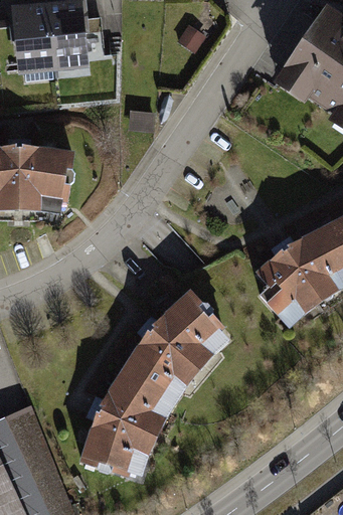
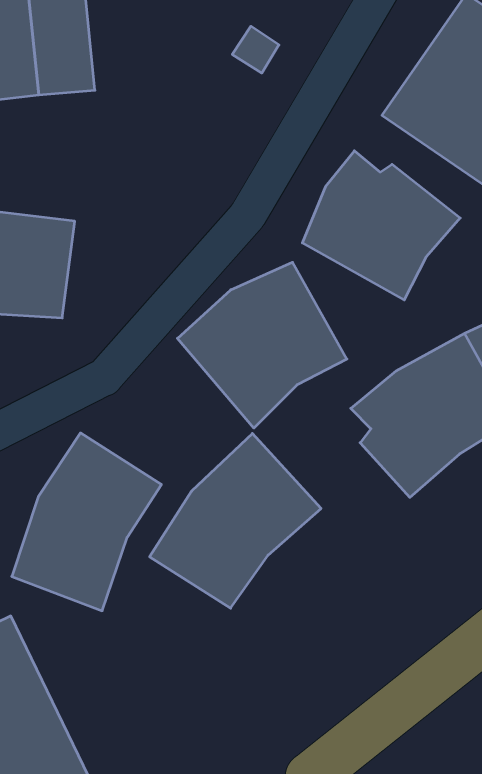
building: none -> [302,151,460,300]
building: none -> [177,262,347,428]
building: [79,366,176,481] -> [12,433,161,611]

